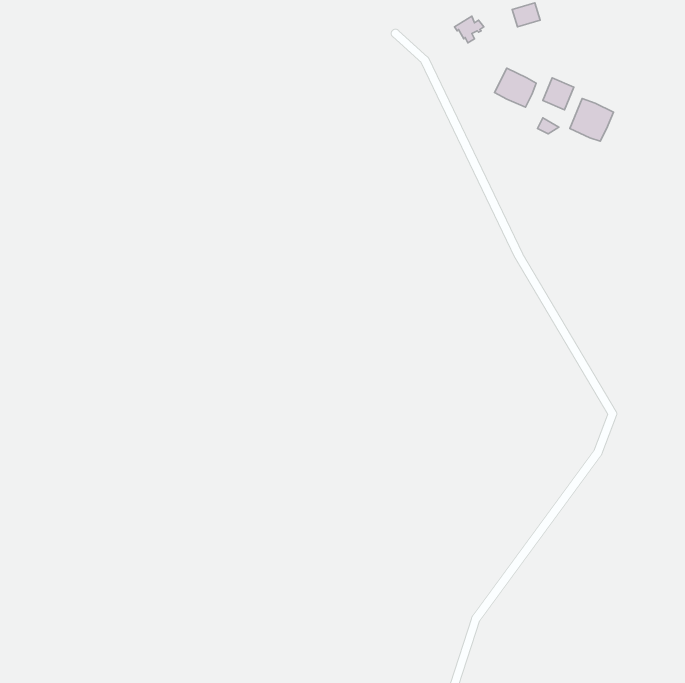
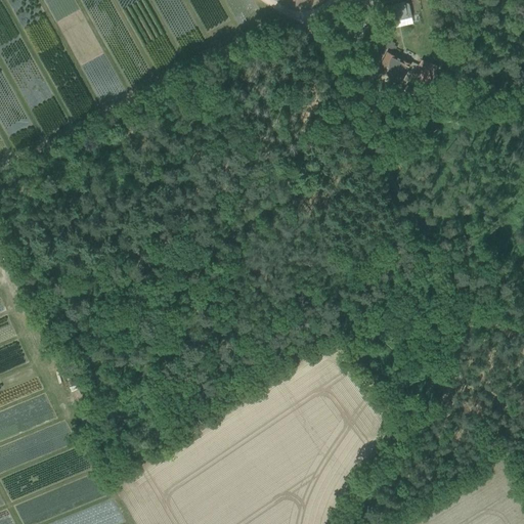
building: [570,99,613,141] -> none

